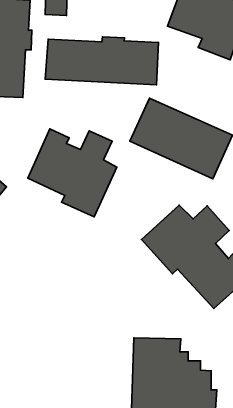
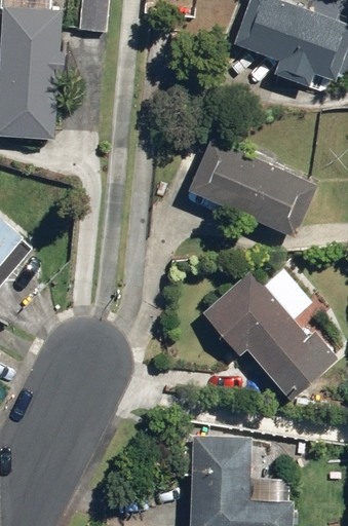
building: [45,37,158,85] -> none
building: [28,129,117,217] -> none

